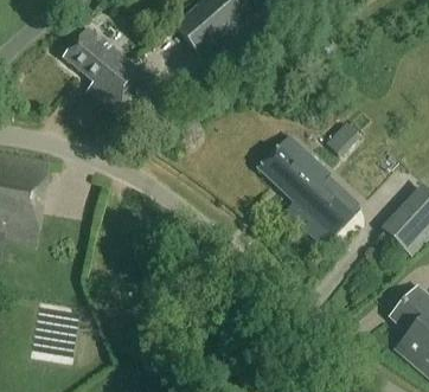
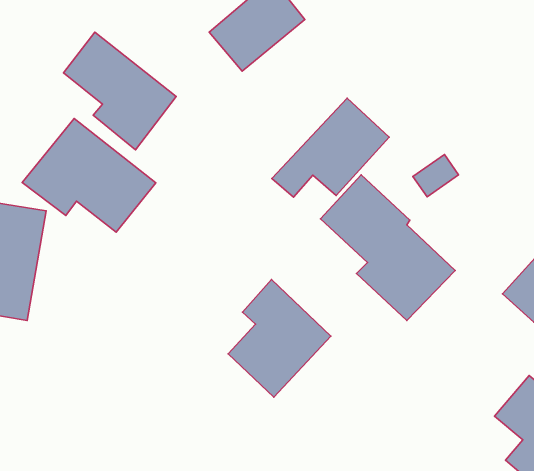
building: none -> [272,98,389,197]
building: none -> [22,118,156,232]
building: none -> [228,280,331,397]

